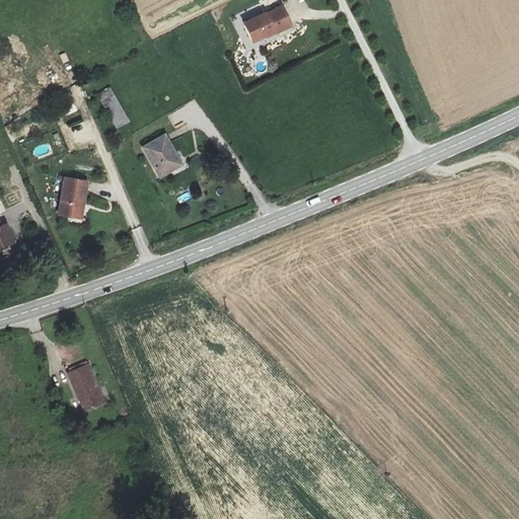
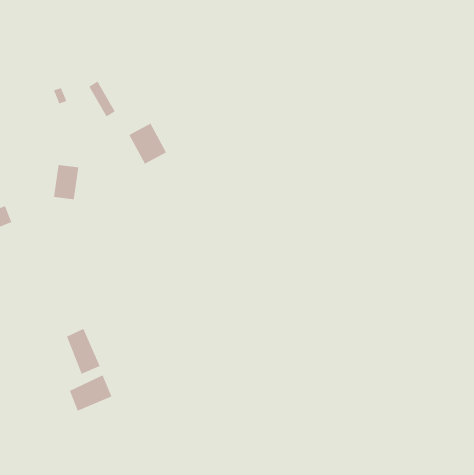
building: [243,7,290,42] -> none
building: none -> [69,375,112,411]

